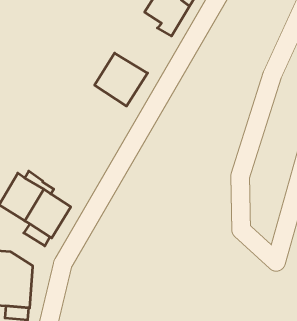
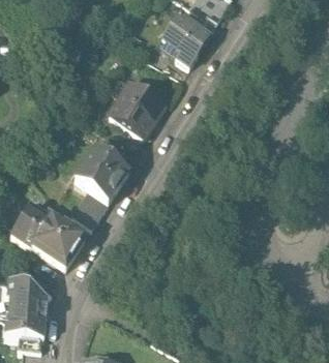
building: none -> [76,140,129,204]
building: none -> [72,195,106,230]

